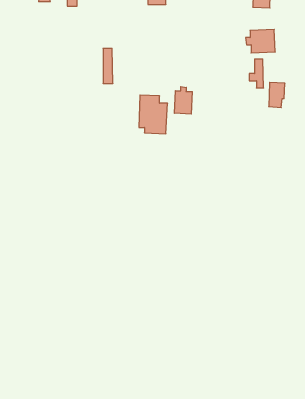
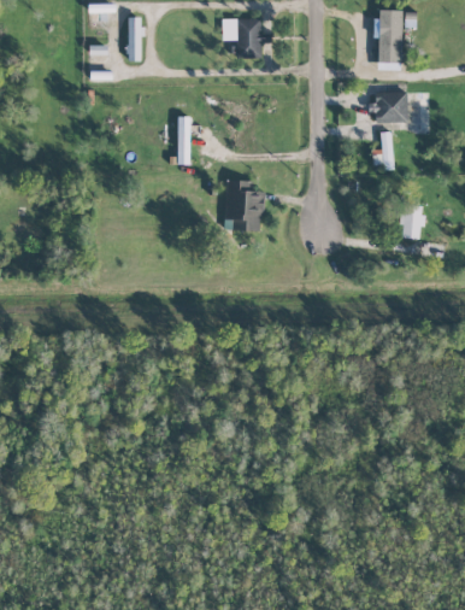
building: [269,82,285,108] -> [402,205,424,239]
building: [174,87,192,114] -> none

